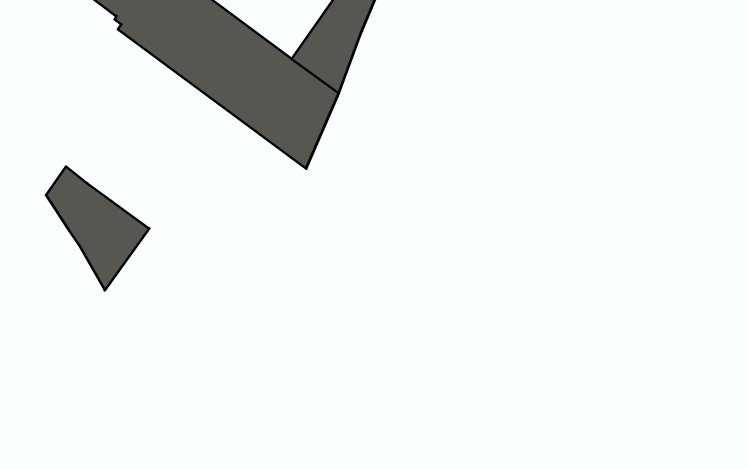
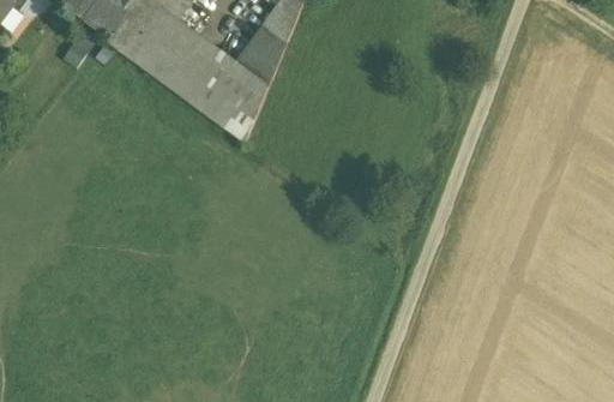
building: [46,167,149,290] -> none

